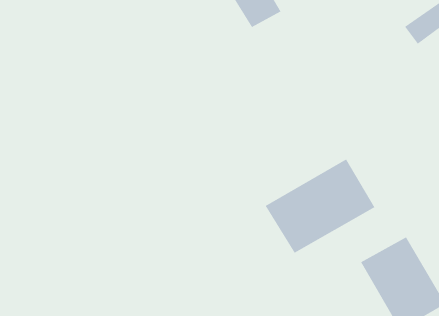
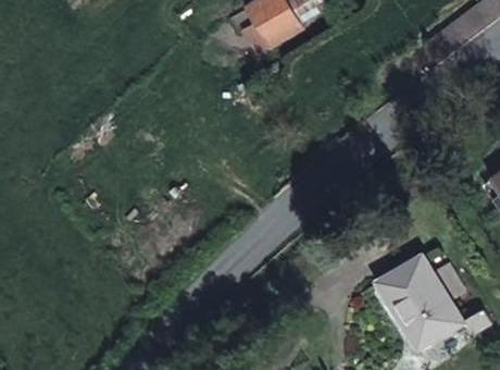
building: [265,158,375,253] -> none

